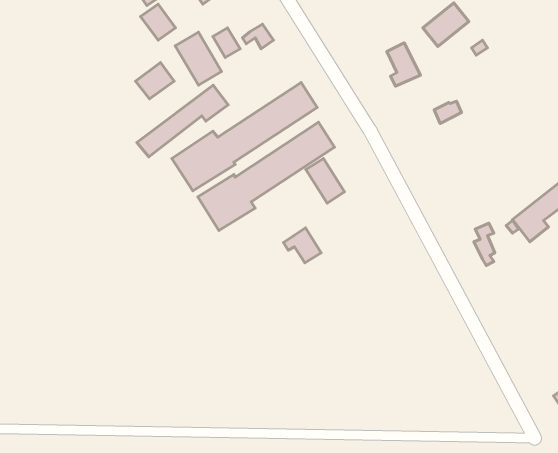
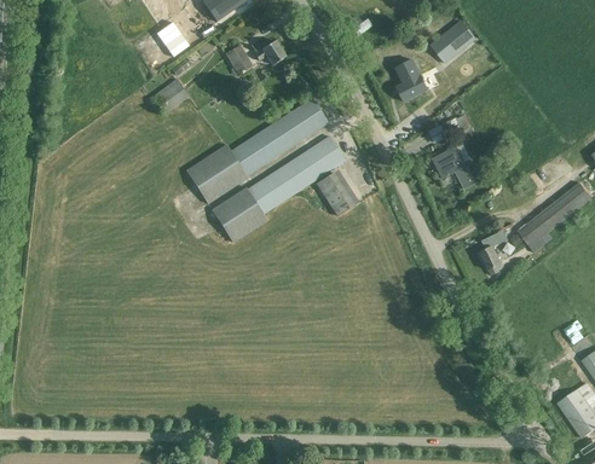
building: [175,32,222,85] -> none
building: [137,85,228,157] -> none
building: none -> [433,145,476,188]
building: [283,228,321,263] -> none

